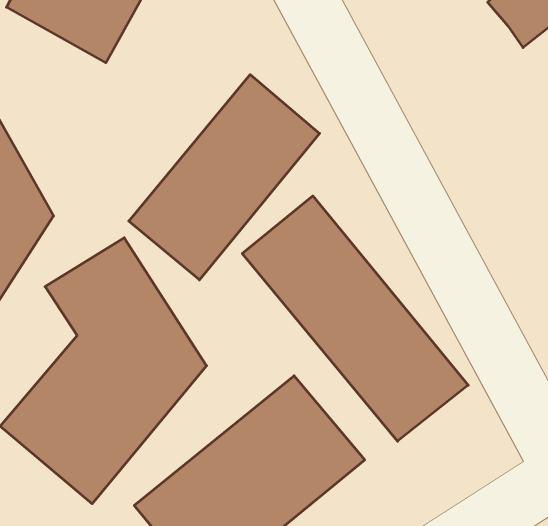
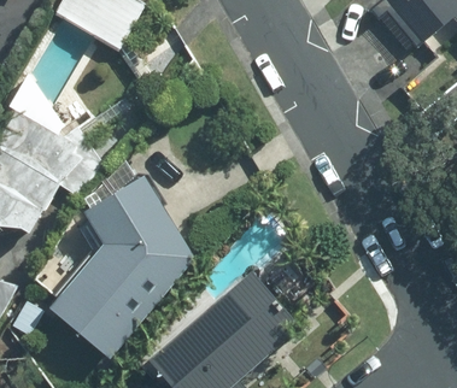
building: [129,75,320,280] -> none
building: [242,196,468,441] -> none

